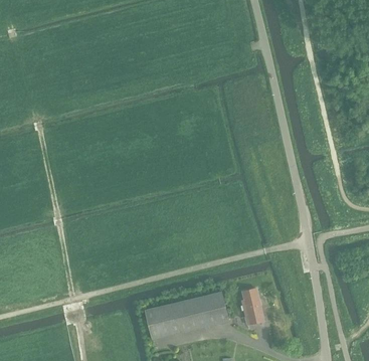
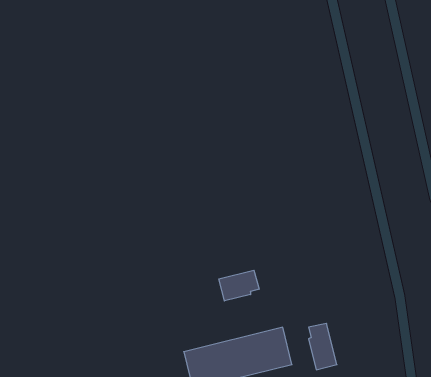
building: none -> [219,270,259,301]

